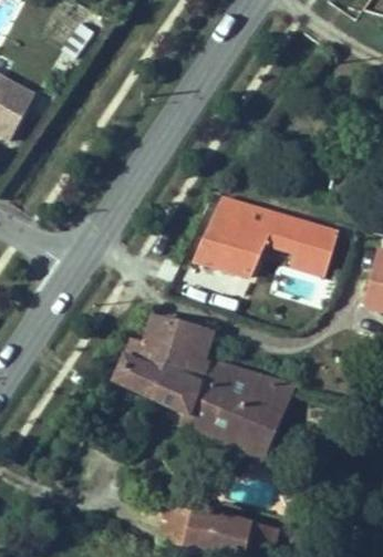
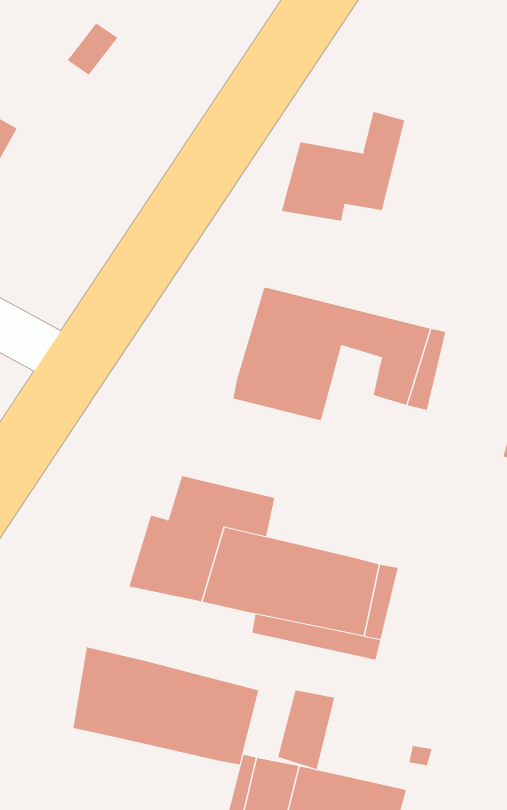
building: none -> [281,111,405,222]
building: none -> [73,646,259,765]
building: none -> [277,689,335,770]

